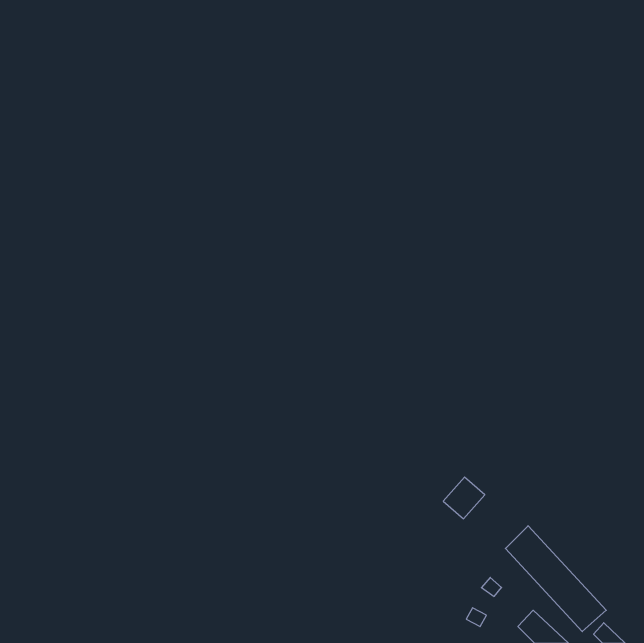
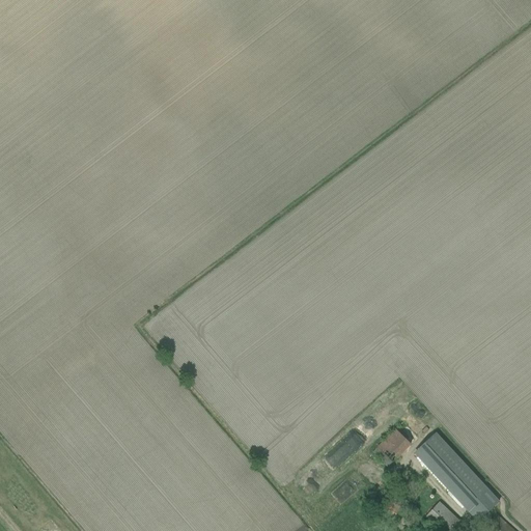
building: [443,477,485,519] -> [374,427,409,462]

